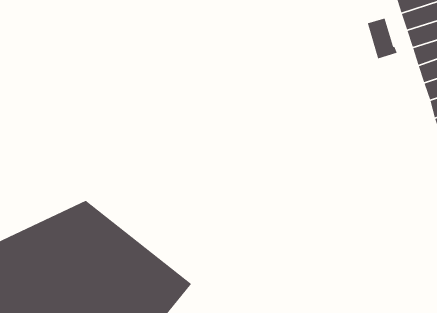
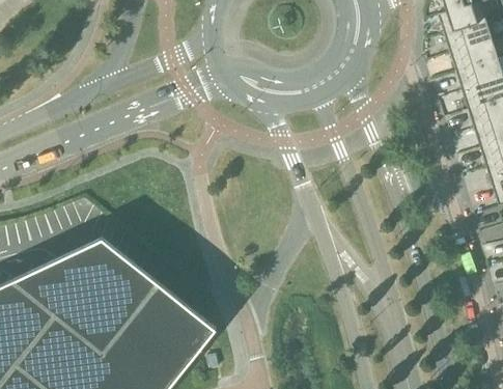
building: [367,18,398,60] -> none

